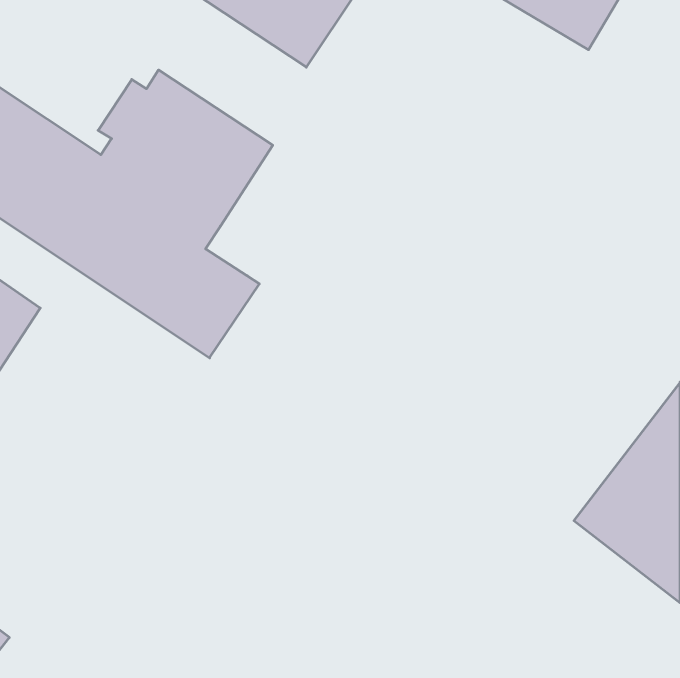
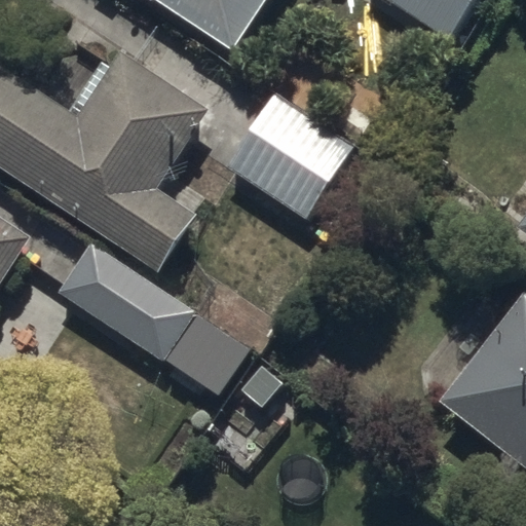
building: none -> [227,95,352,218]
building: none -> [58,240,256,400]

